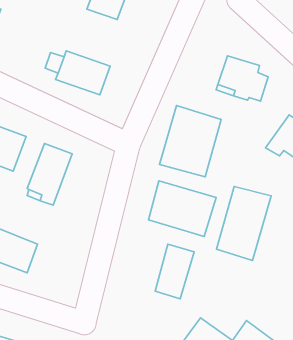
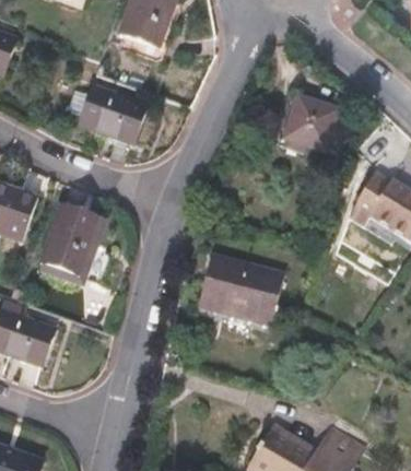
building: [160,106,221,177] -> none
building: [217,186,271,261] -> none
building: [155,244,194,299] -> none

